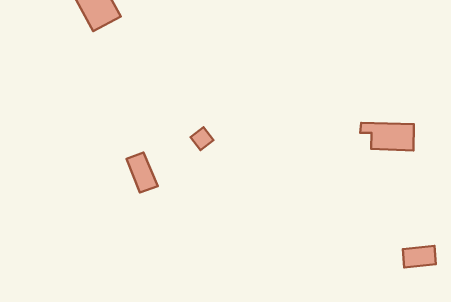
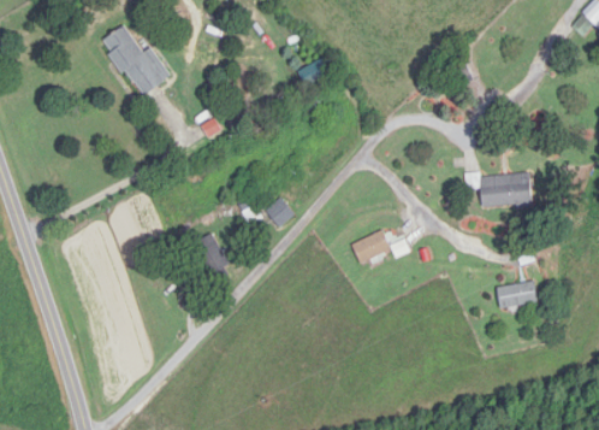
building: none -> [350,230,391,264]
building: [403,246,436,267] -> [496,281,536,310]

